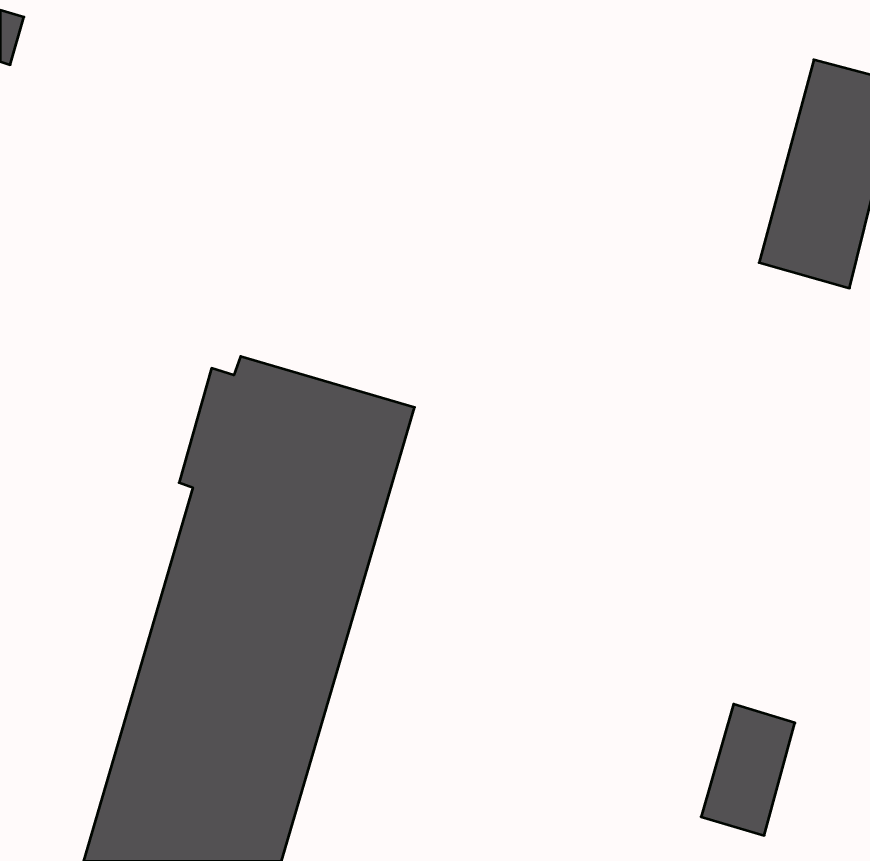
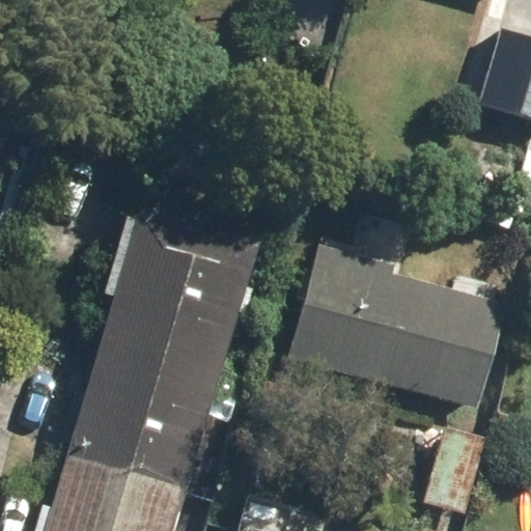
building: none -> [291,251,504,408]

